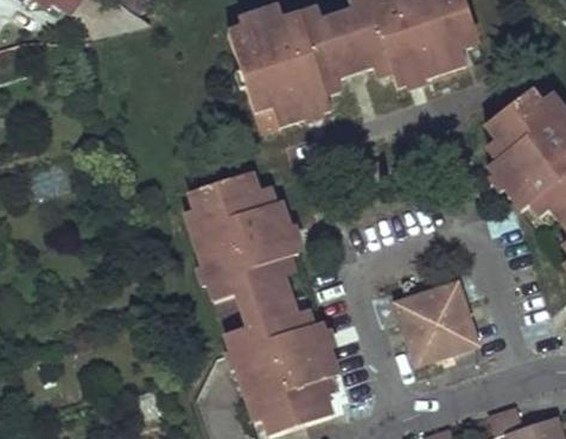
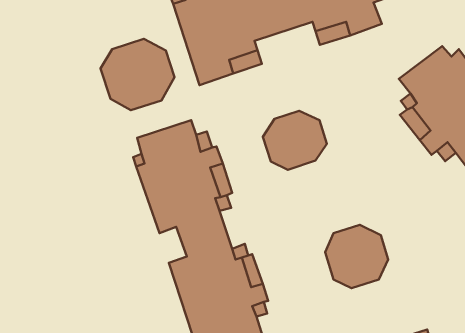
building: none -> [100,39,175,110]
building: none -> [263,111,327,170]

